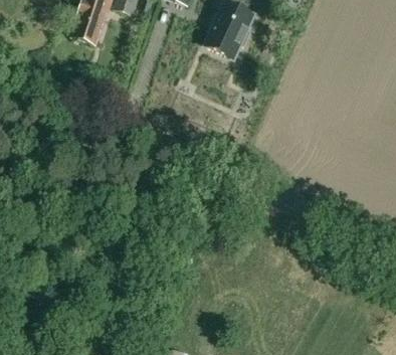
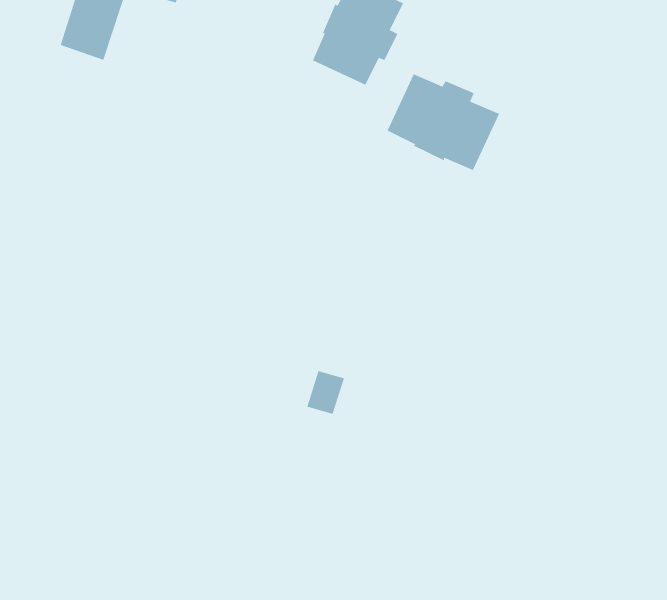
building: none -> [387,74,500,171]

